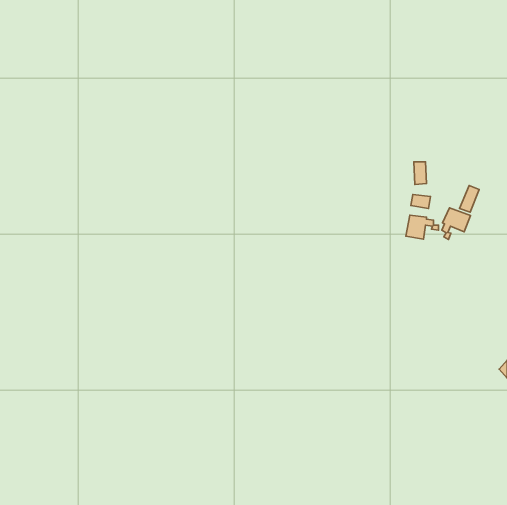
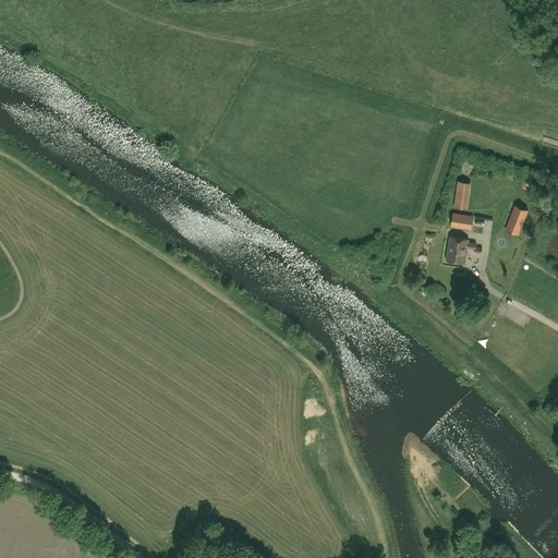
building: [442,208,471,239] -> none

